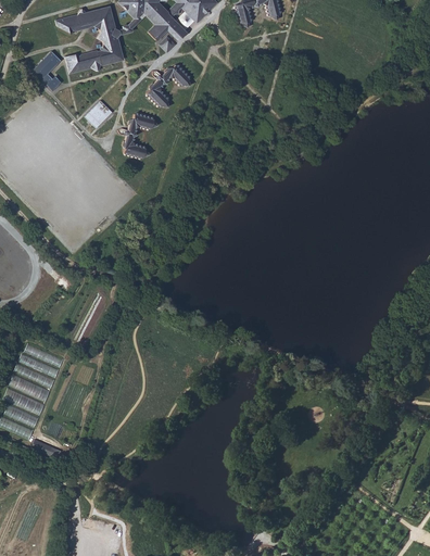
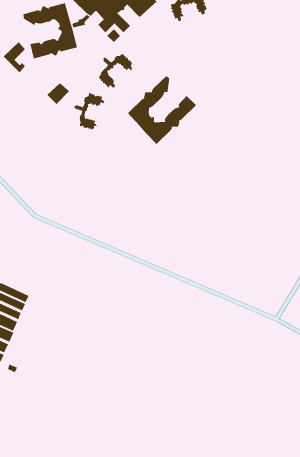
building: none -> [127,75,197,145]

